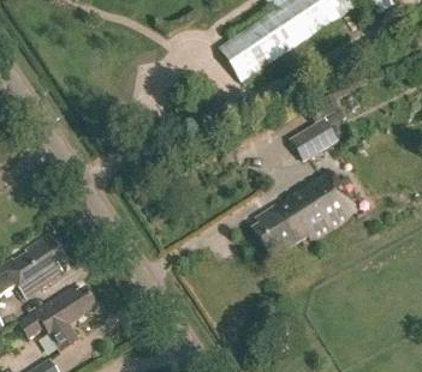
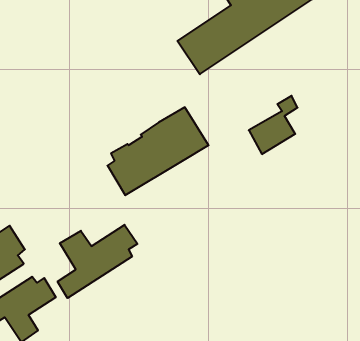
building: [252,169,355,258] -> [107,107,209,195]
building: none -> [58,225,137,298]

